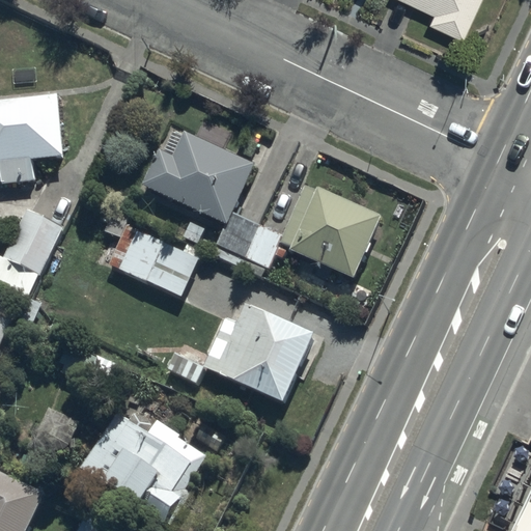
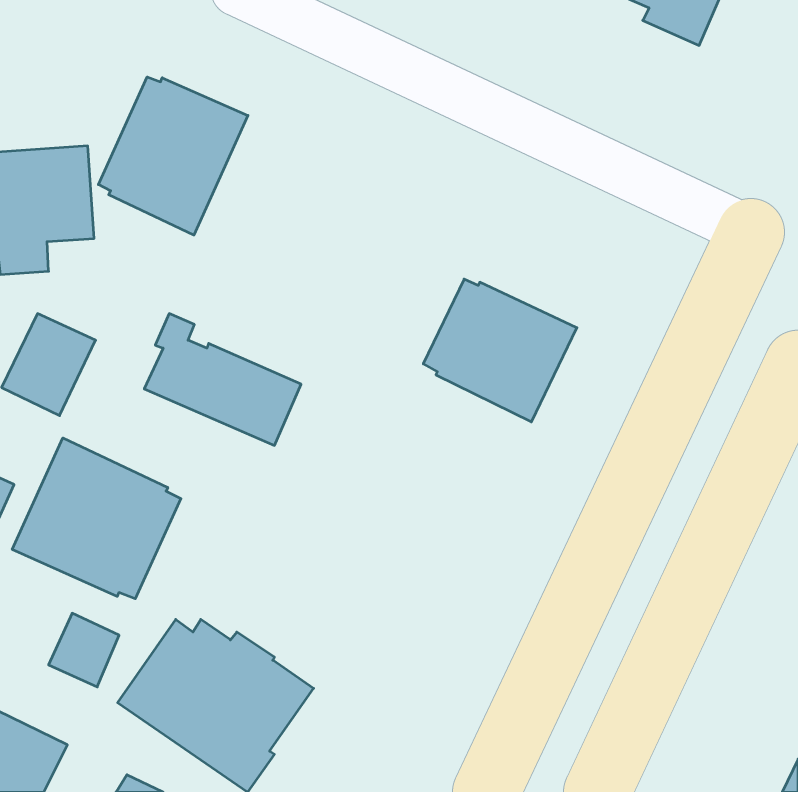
building: none -> [98,77,248,235]
building: [141,131,281,275] -> none
building: none -> [12,438,181,599]
building: [166,304,313,402] -> none

